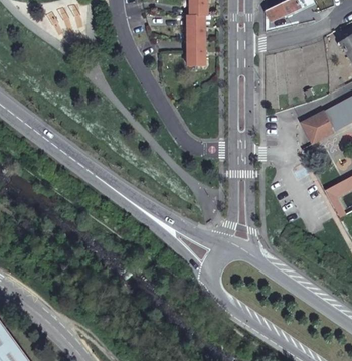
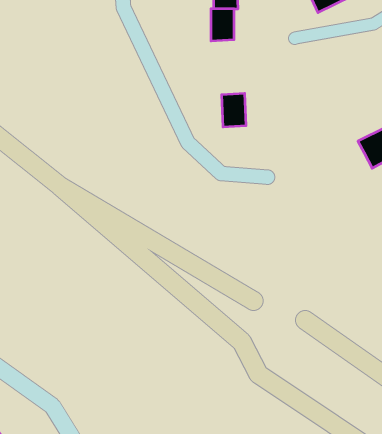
building: [187,42,206,68] -> [222,93,246,127]

